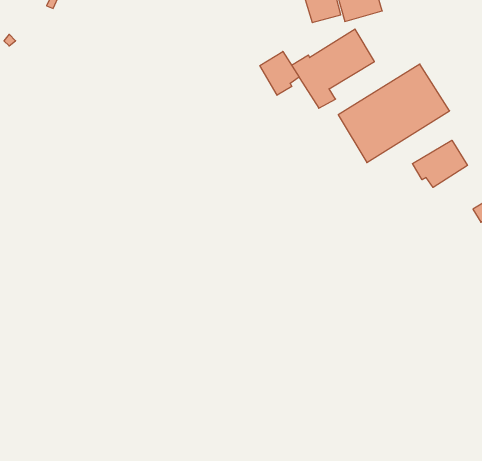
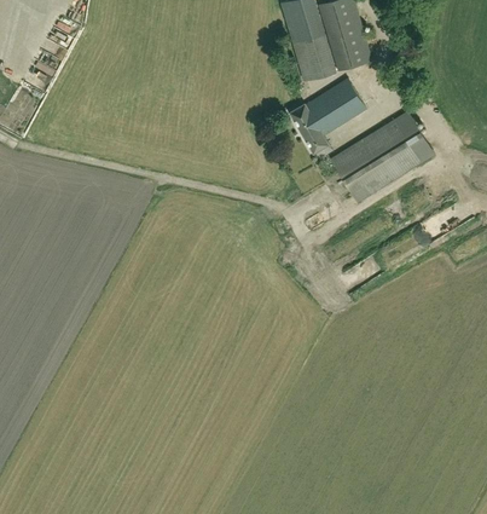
building: [260,51,299,95] -> none
building: [412,140,467,187] -> none

